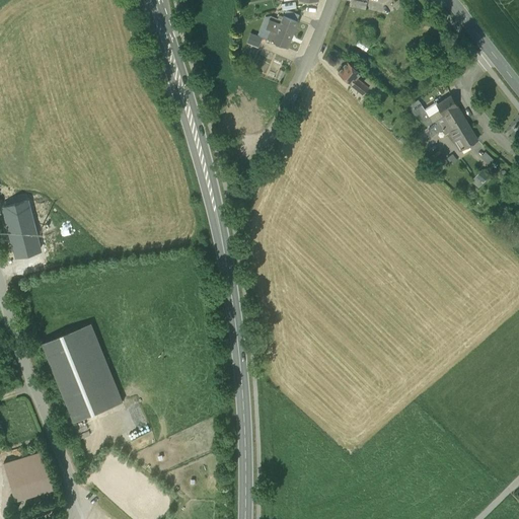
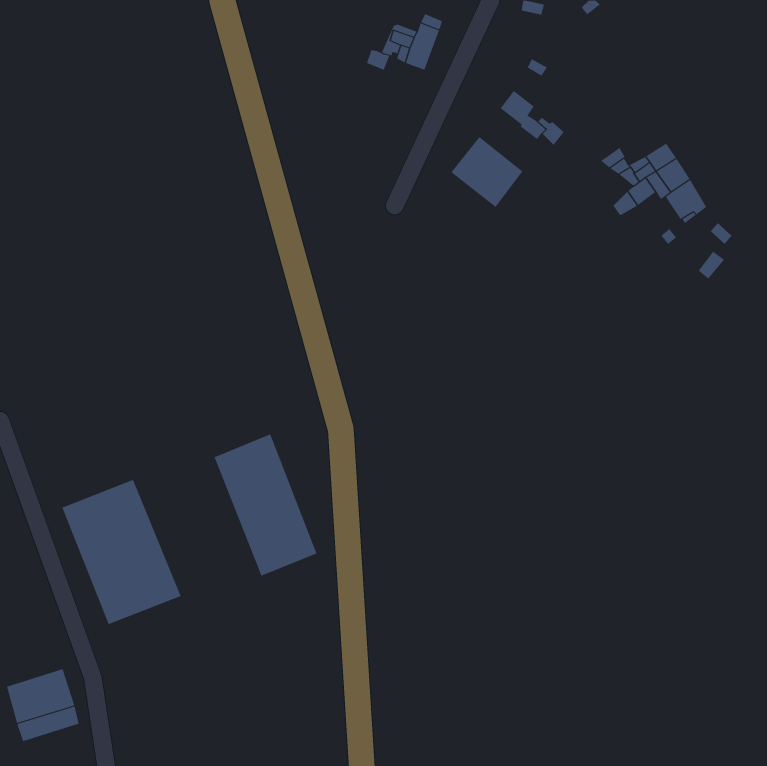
building: none -> [450,136,523,208]
building: [4,203,41,257] -> none
building: none -> [214,433,317,576]

